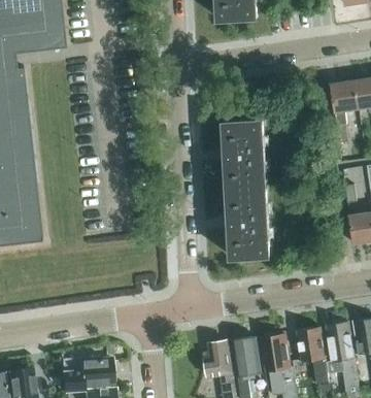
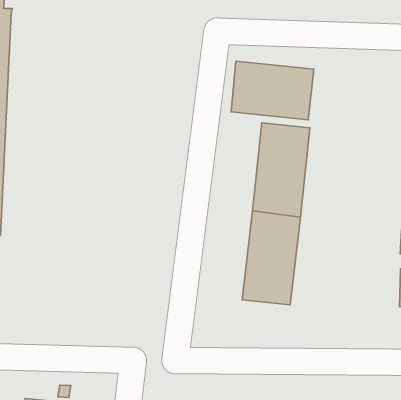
building: none -> [231,61,314,120]

